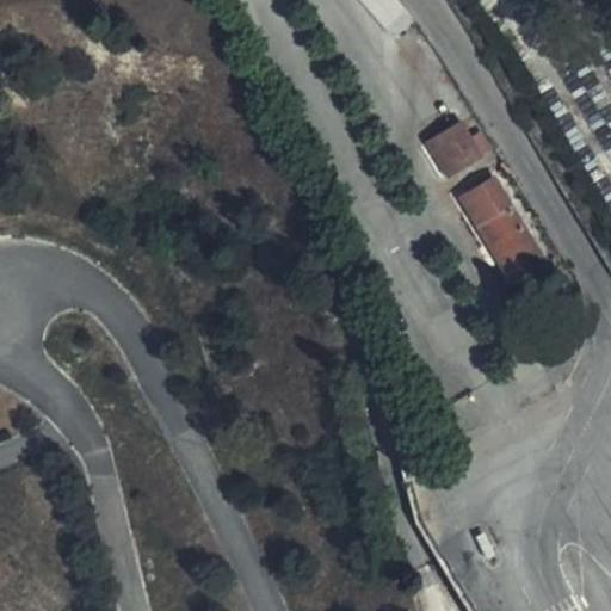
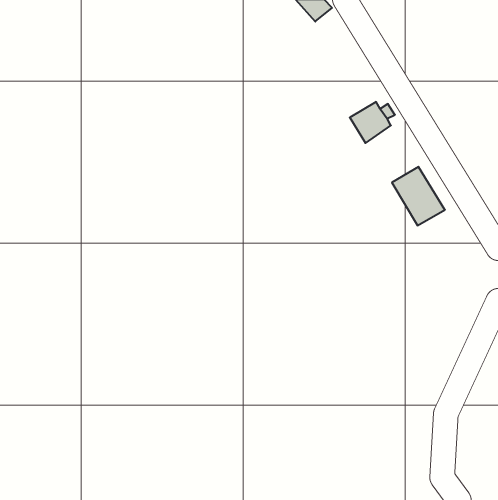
building: [459,175,508,222] -> none

